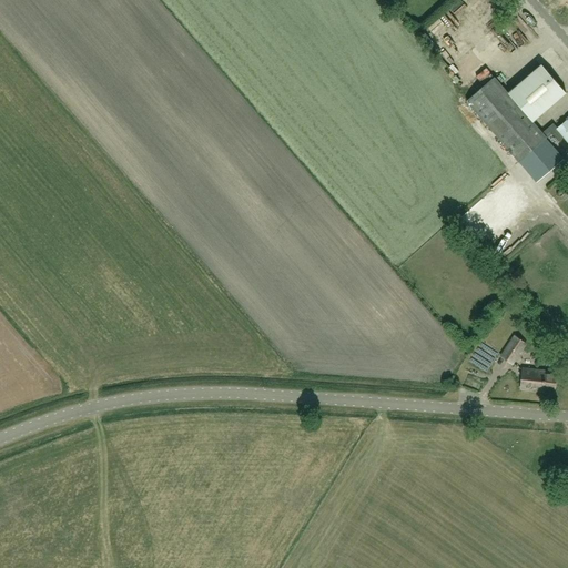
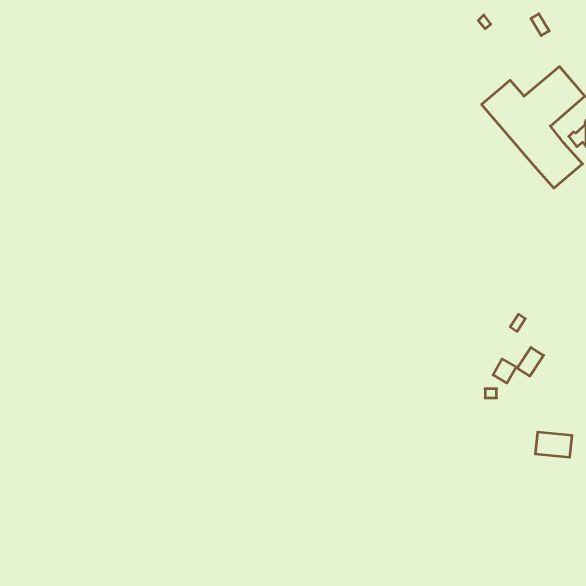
building: [520,368,556,393] -> [535,432,572,457]

